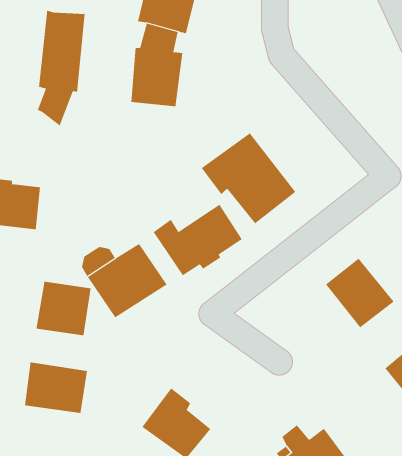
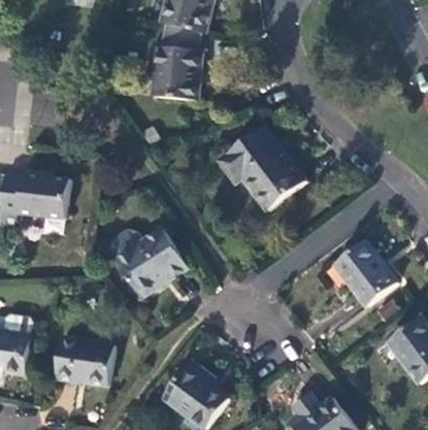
building: [37,10,85,126] -> none
building: [153,204,243,276] -> none
building: [36,281,91,336] -> none

